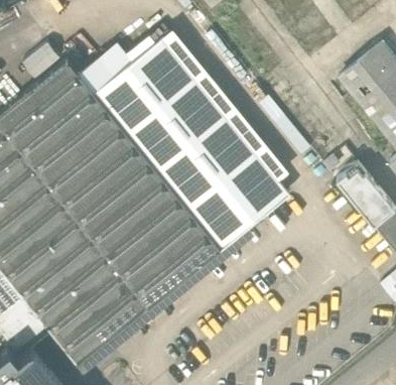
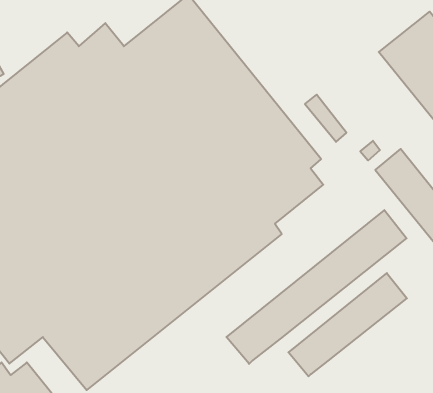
building: none -> [226,210,407,364]
building: none -> [288,273,407,376]

